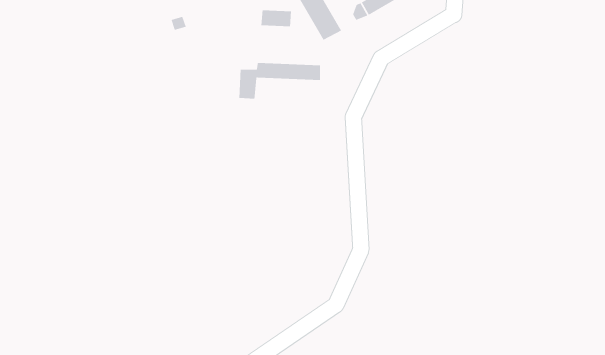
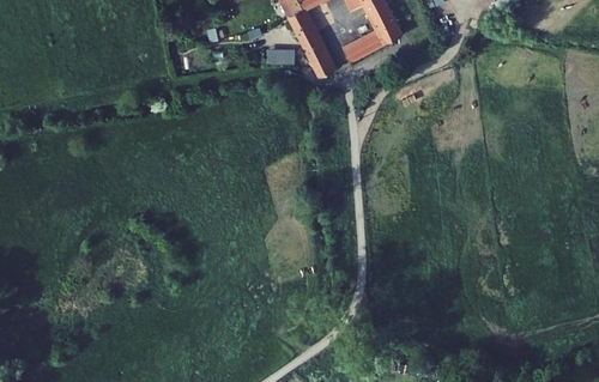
building: [238,62,321,99] -> none

